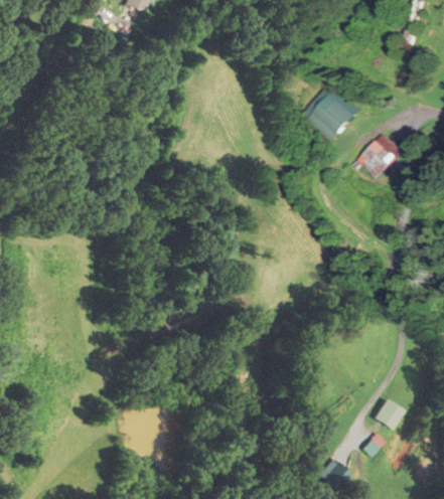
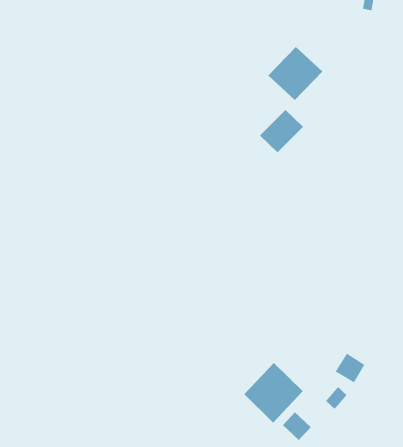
building: [355,134,402,179] -> [259,109,304,153]
building: none -> [243,362,303,423]

